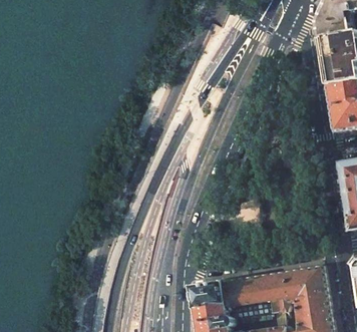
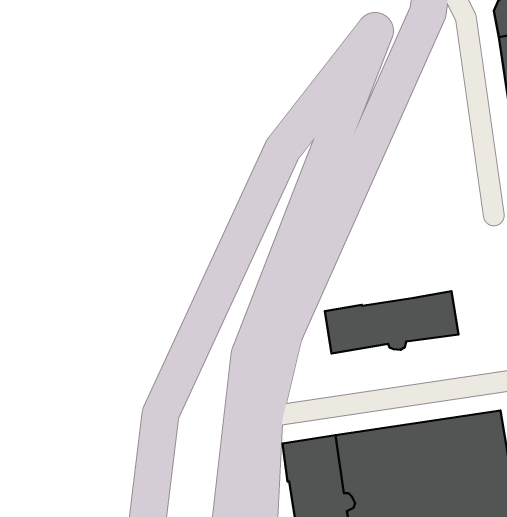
building: none -> [325,291,459,353]

